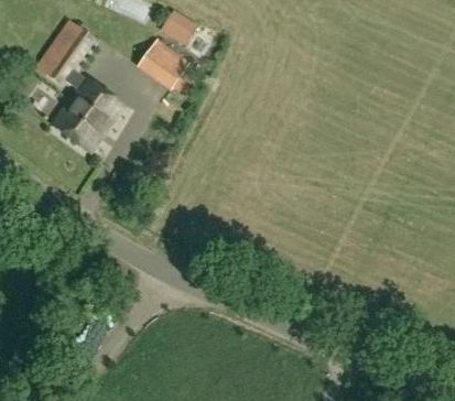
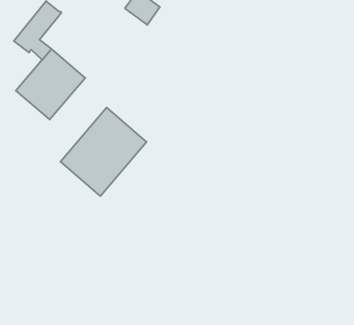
building: [139,43,185,86] -> none
building: none -> [60,108,147,196]

